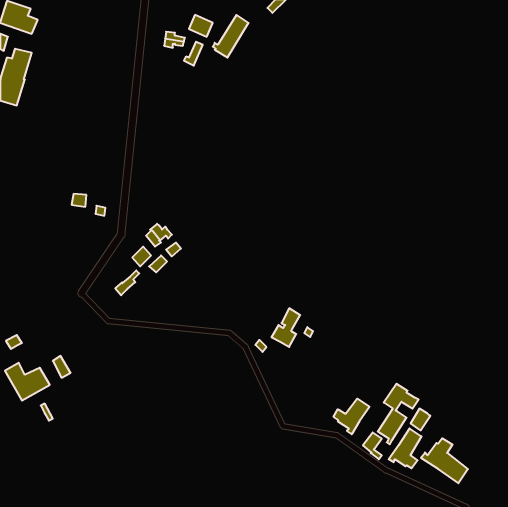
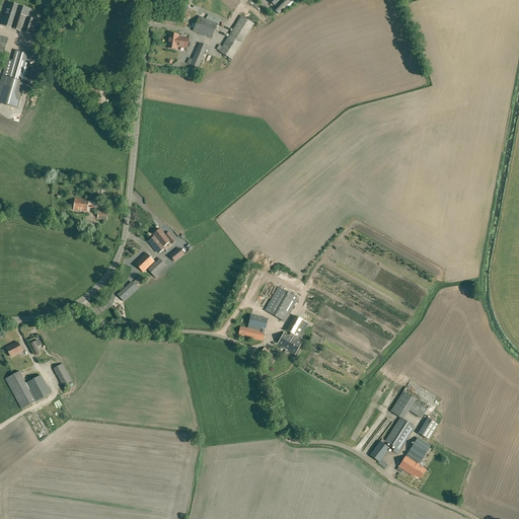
building: none -> [265,286,298,321]
building: none -> [238,314,268,340]
building: [334,399,369,434] -> none
building: [421,438,468,483] -> none

